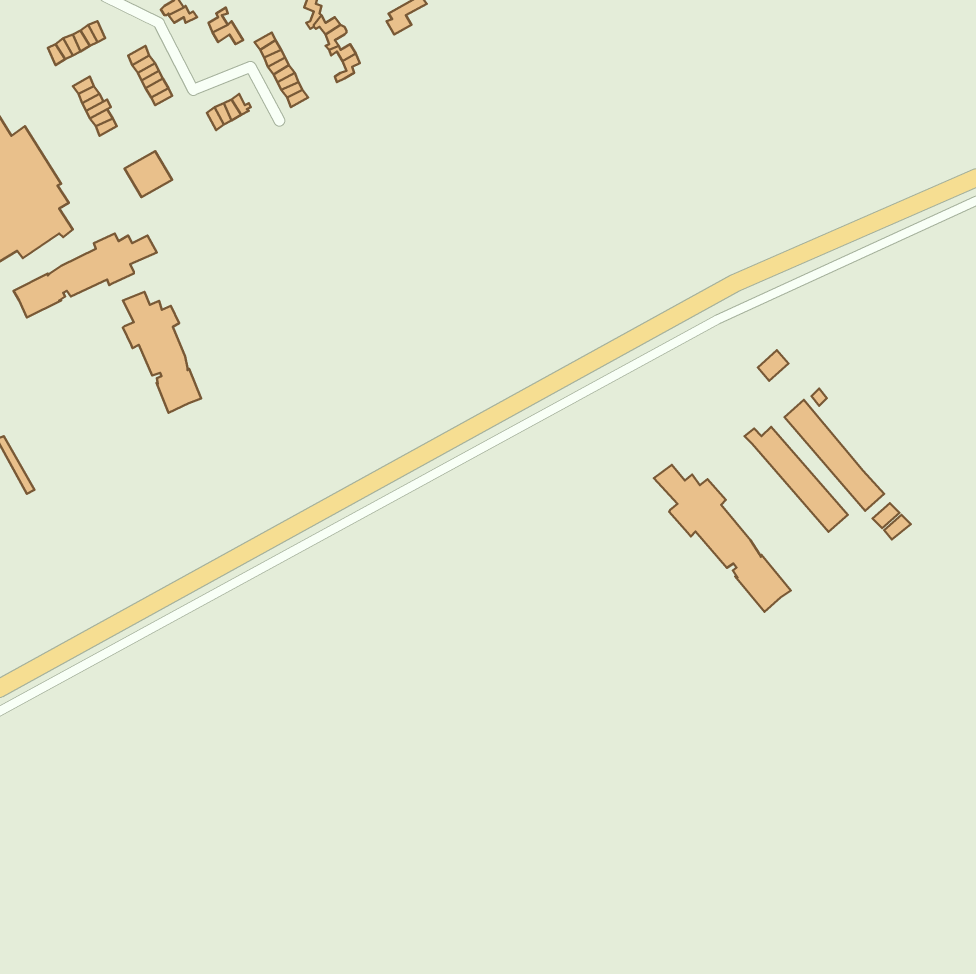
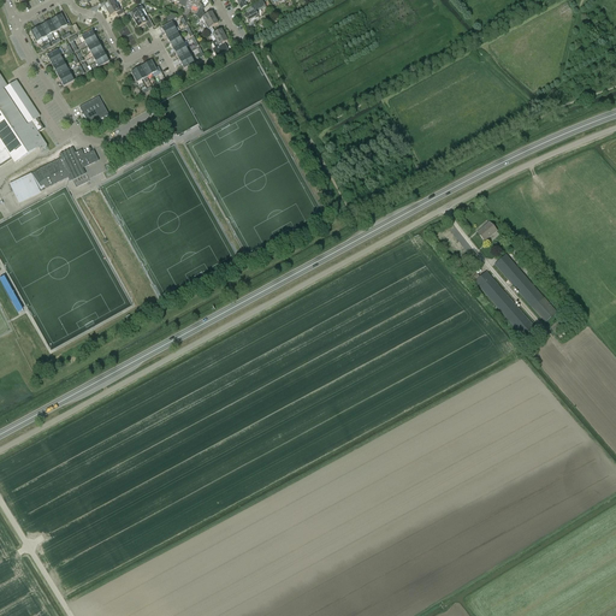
building: [123,292,201,413] -> none
building: [654,465,791,612] -> none

